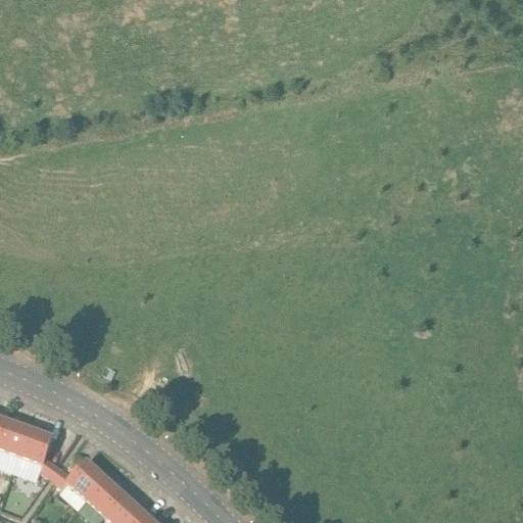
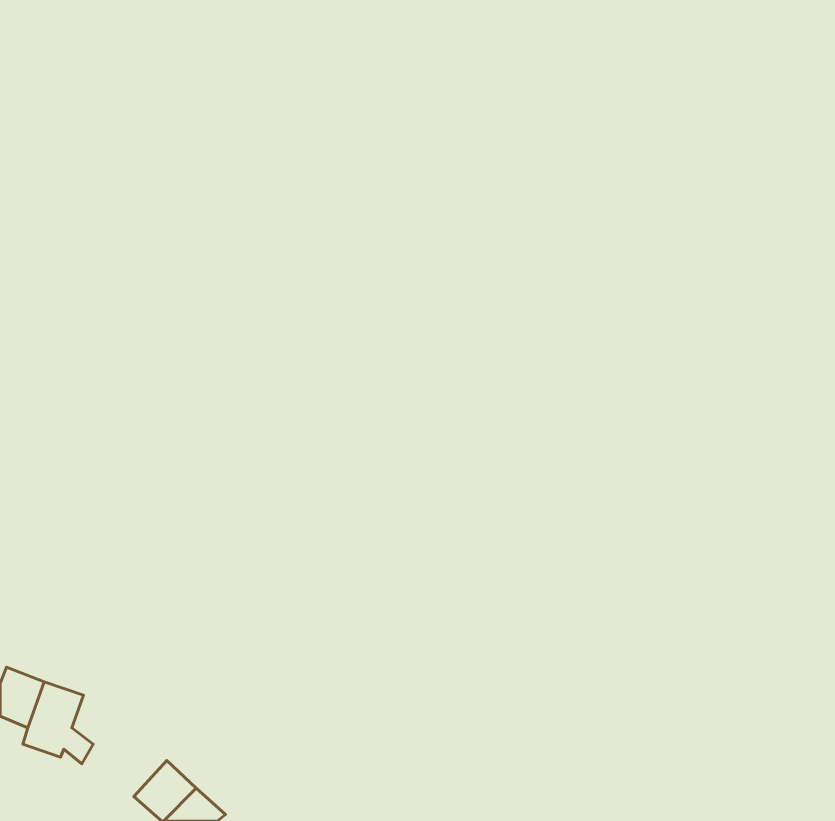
building: [51,459,104,497] -> none

